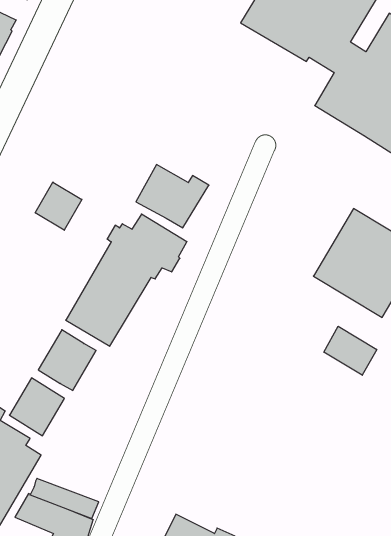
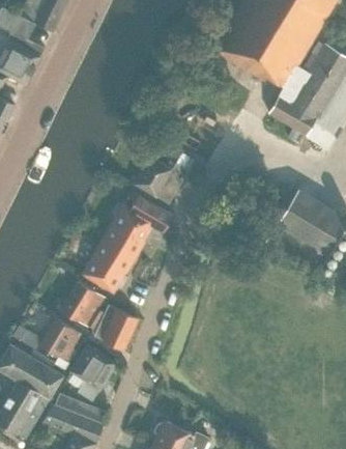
building: [35,182,82,230] -> none
building: [324,326,377,375] -> none
building: none -> [88,306,137,349]
building: none -> [68,344,115,401]

